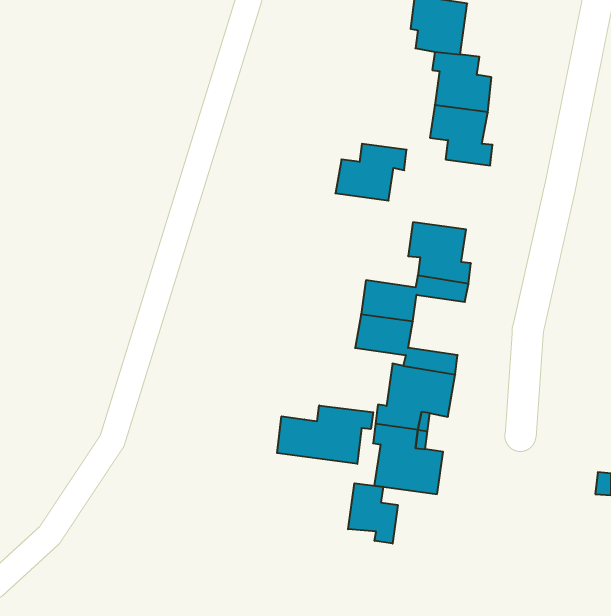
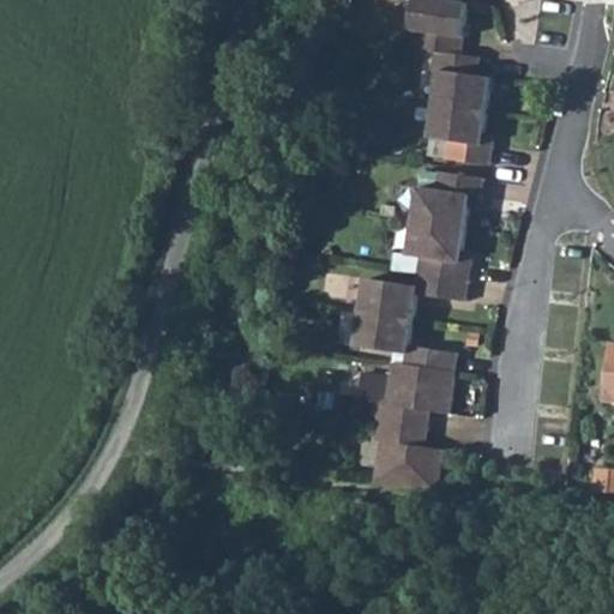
building: [335,144,407,201] -> [410,171,481,228]
building: [277,405,373,464] -> none
building: [348,483,398,544] -> none

